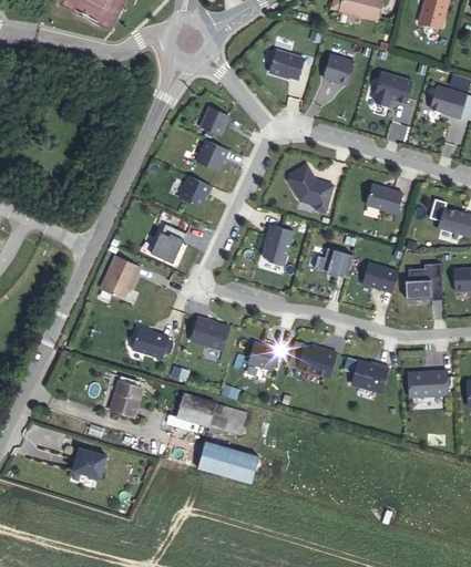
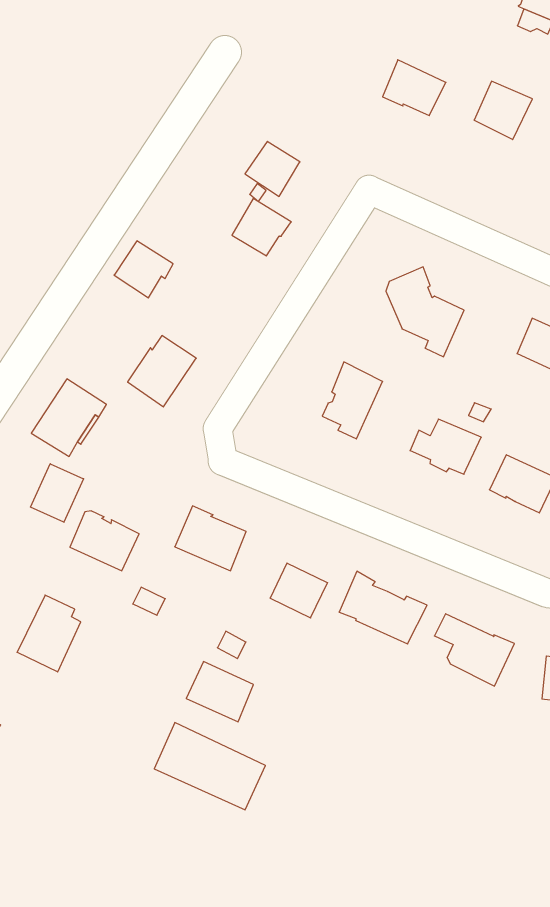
building: [178,176,211,207] -> [114,241,173,298]
building: none -> [31,464,84,522]
building: [166,393,215,429] -> none

